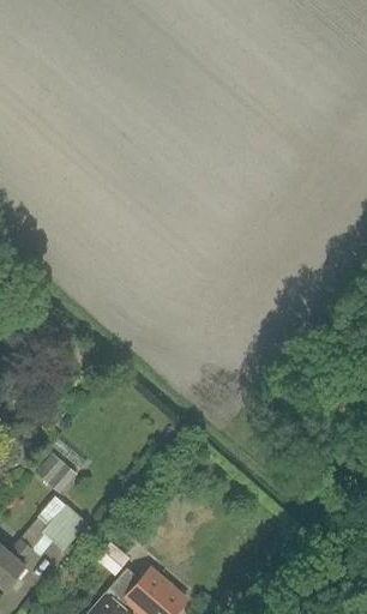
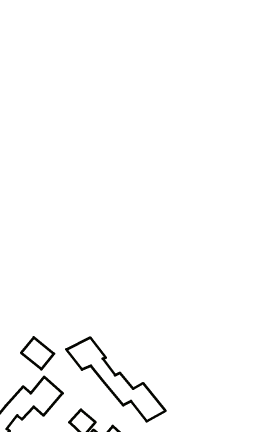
building: none -> [66,338,165,421]

